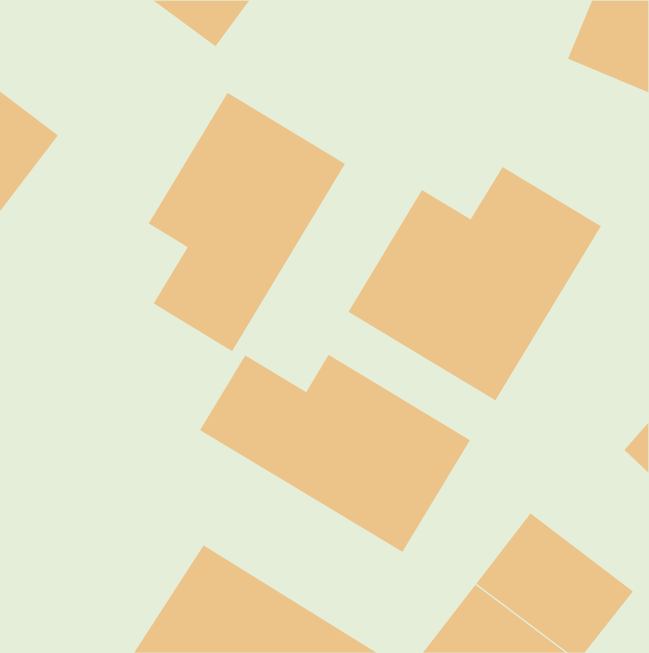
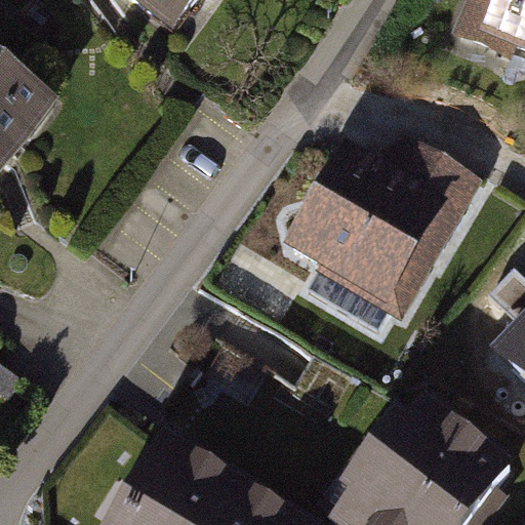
building: [148,92,346,352] -> none
building: [199,354,471,553] -> none

